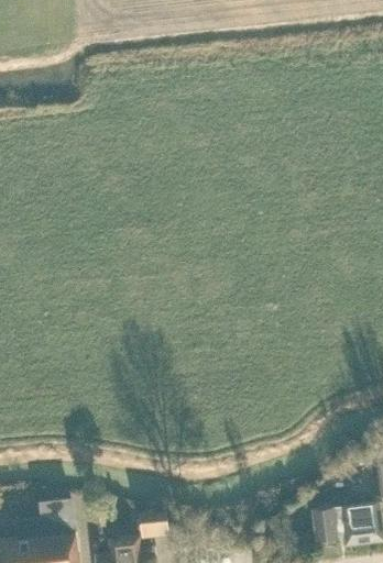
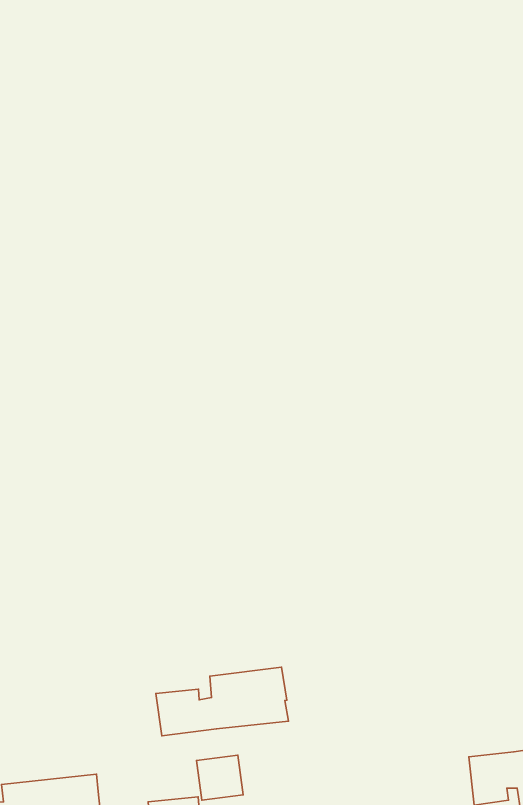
building: none -> [156,667,289,736]

